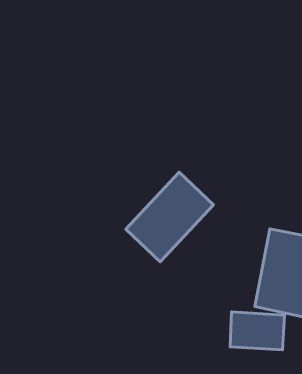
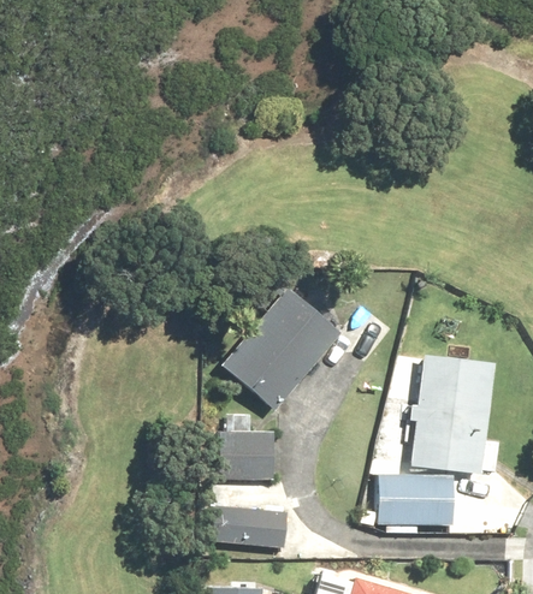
building: none -> [229,432,274,480]
building: none -> [208,500,285,548]

